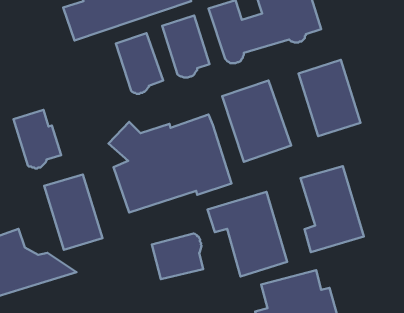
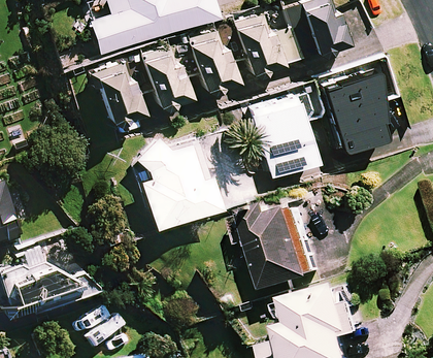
building: [14,110,61,169] -> [95,63,142,122]
building: [301,166,364,252] -> none
building: [44,174,103,250] -> none
building: [152,233,203,279] -> none

